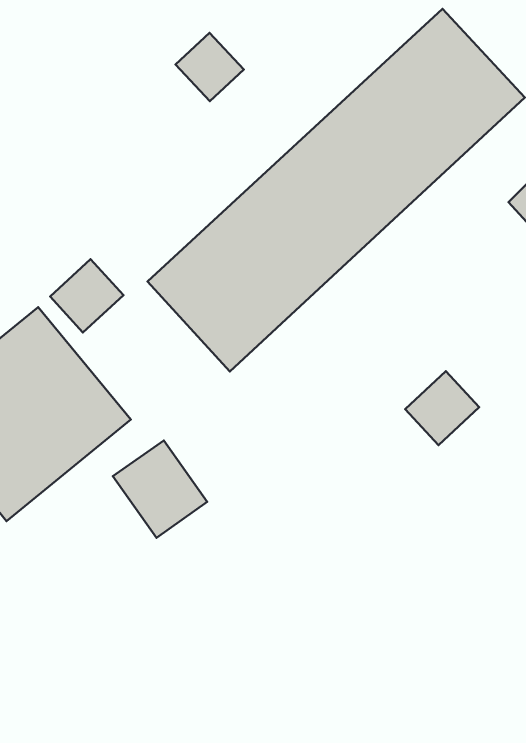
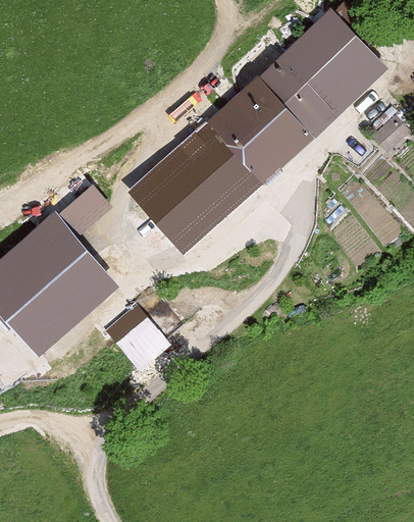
building: [175,33,244,101] -> none
building: [405,371,479,445] -> none

